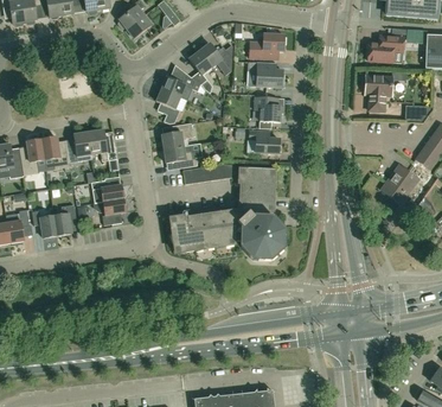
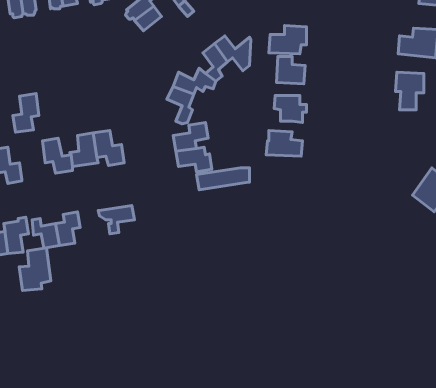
building: [20,139,44,174] -> [13,93,39,132]
building: [169,168,283,260] -> none
building: [91,179,123,203] -> none
building: none -> [19,248,51,290]

